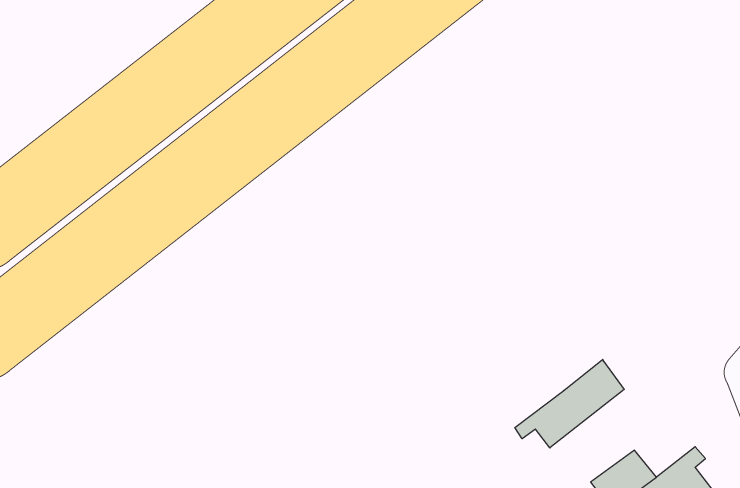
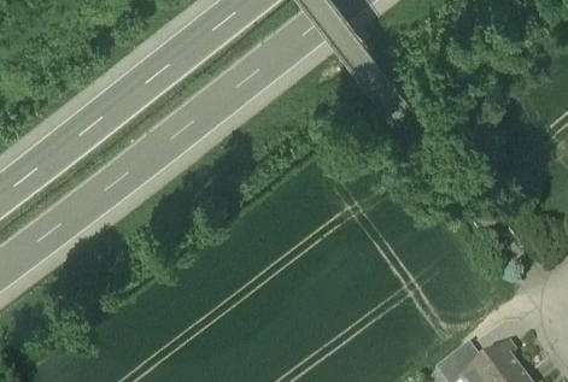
building: [515,359,624,448] -> none

